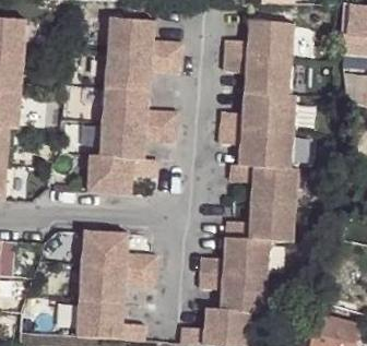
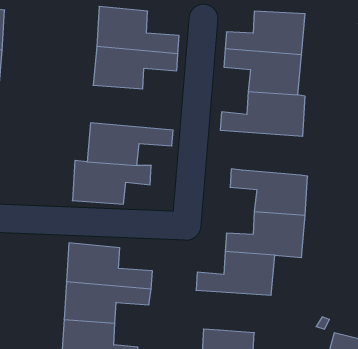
building: [102,90,177,130] -> none
building: [217,130,293,170] -> none
building: [196,274,264,313] -> none

